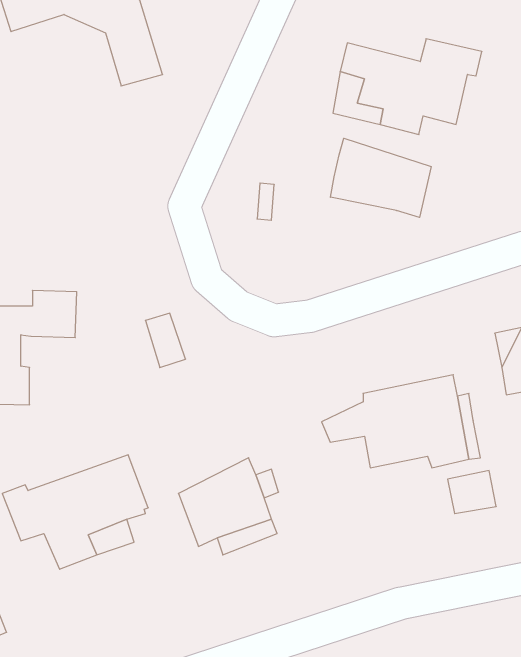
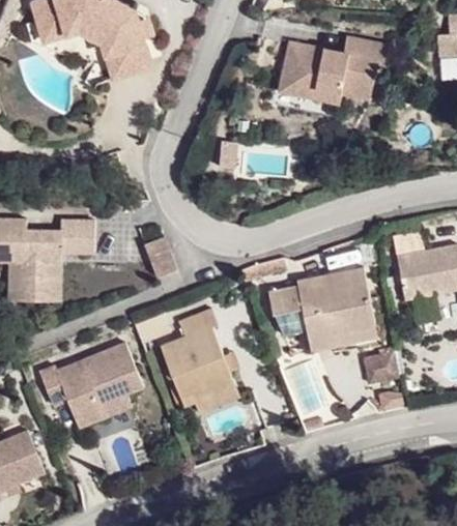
building: none -> [45,22,124,77]
building: [330,138,431,217] -> none
building: none -> [263,261,365,317]
building: none -> [158,309,218,369]

